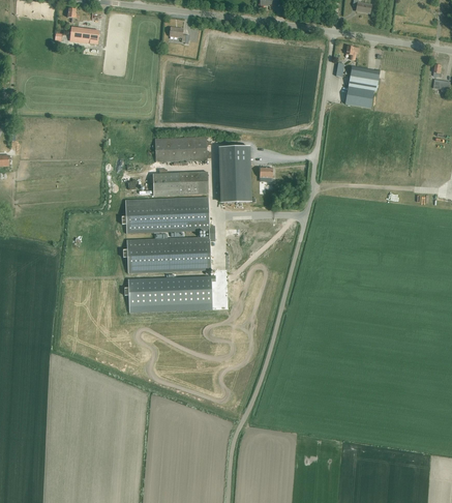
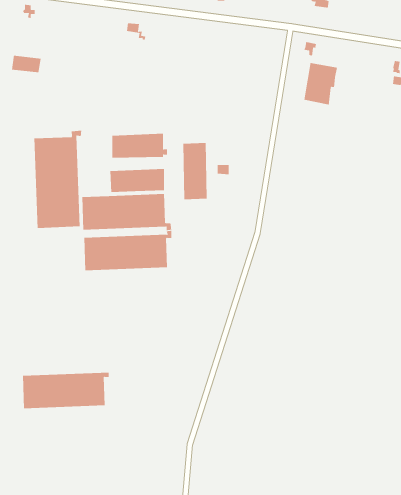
building: [69,26,99,43] -> [11,55,41,73]
building: none -> [34,130,82,229]
building: [128,275,215,312] -> [22,372,110,409]

